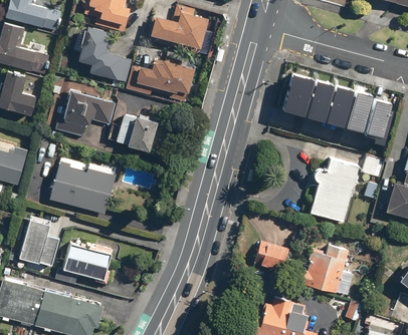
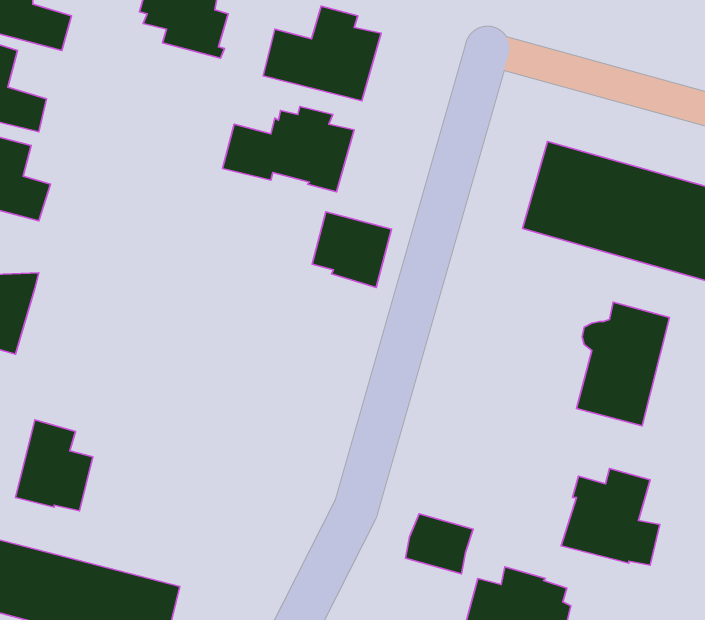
building: [76,26,132,82] -> none
building: [55,89,117,136] -> none
building: [116,113,157,152] -> [312,212,392,287]
building: [48,158,115,214] -> none
building: [254,240,289,271] -> [406,514,473,574]
building: [55,242,115,284] -> none

